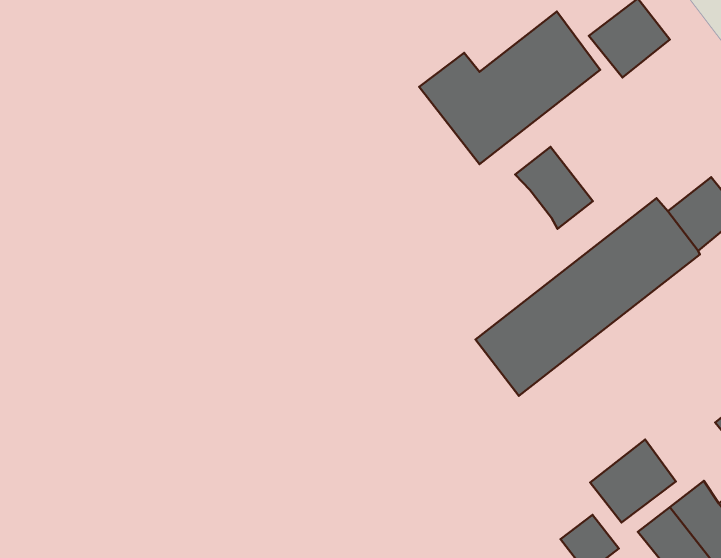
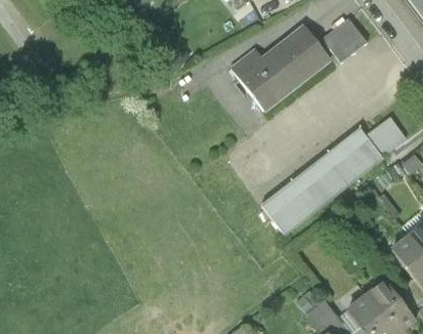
building: [515,147,593,229] -> none
building: [590,440,676,522] -> none

